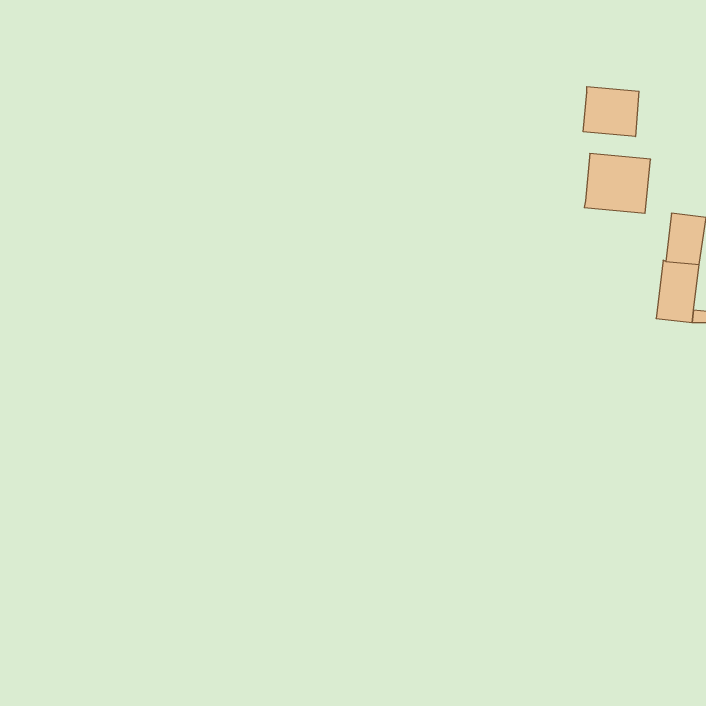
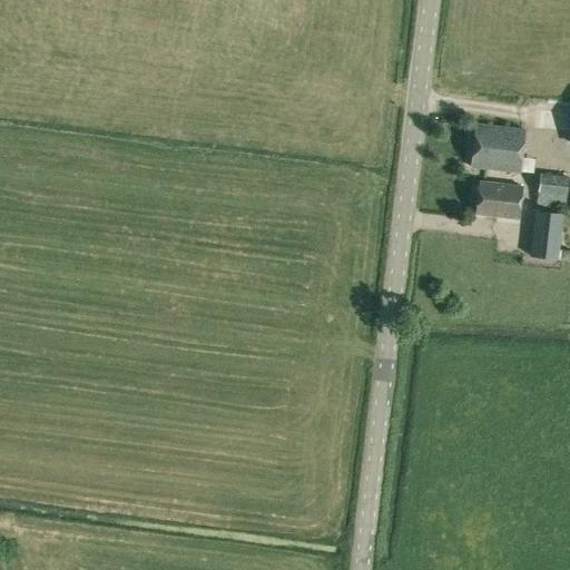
building: [583,87,639,137] -> none
building: none -> [475,180,522,218]

